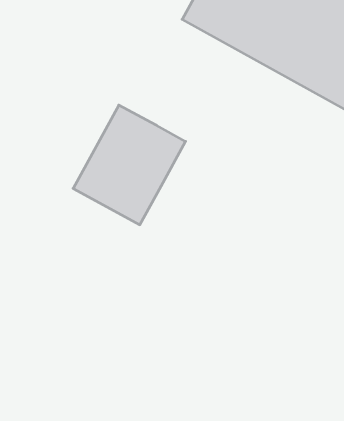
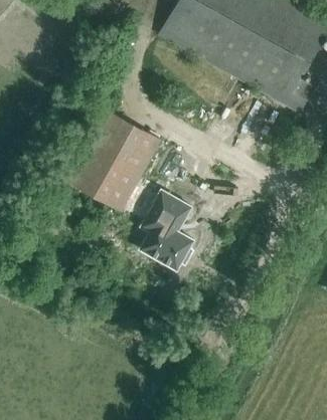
building: none -> [125,184,194,270]

